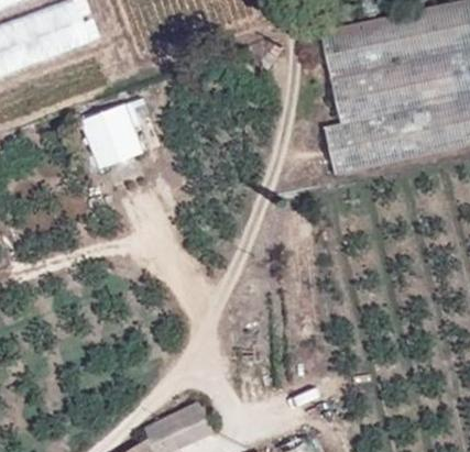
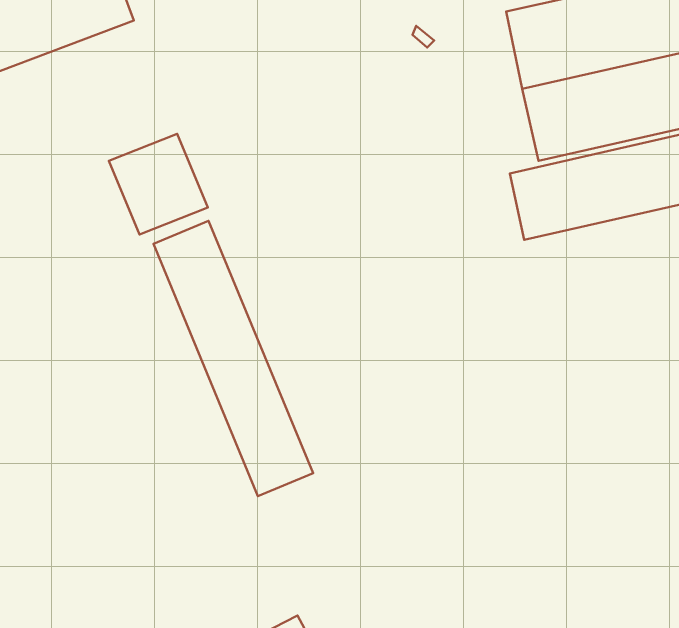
building: none -> [153,221,313,496]

